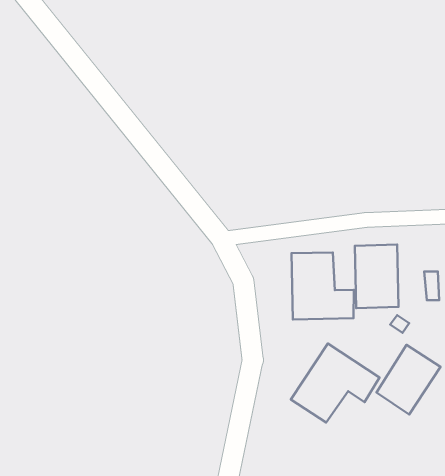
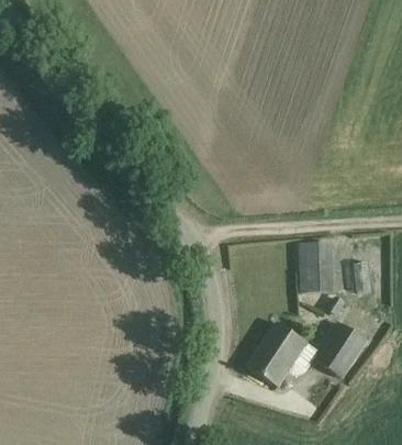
building: [291,252,354,320] -> none

